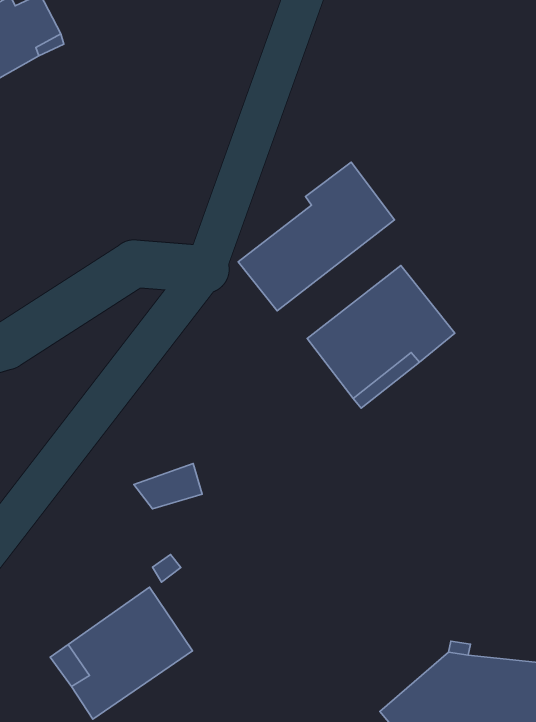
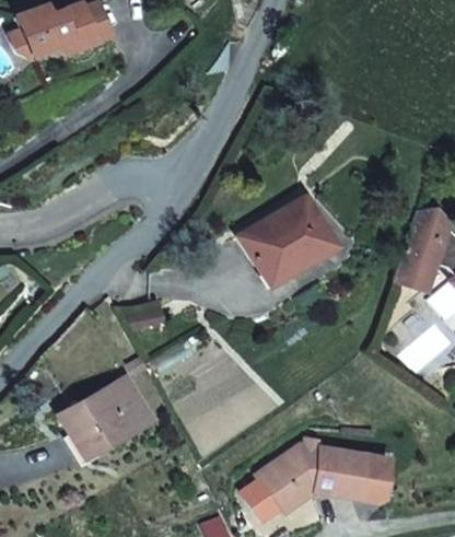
building: [238,162,394,311] -> none

